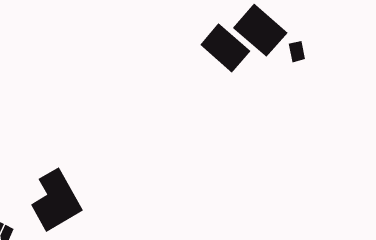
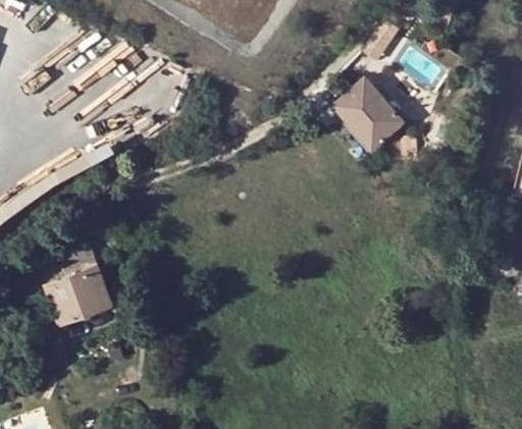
building: [200,22,252,74] -> none

